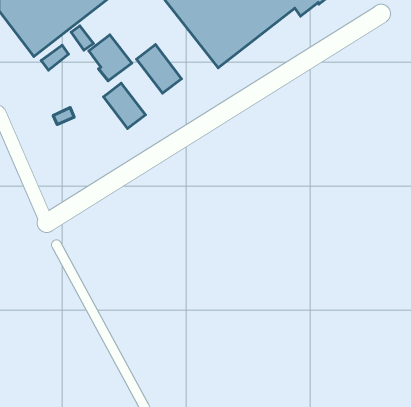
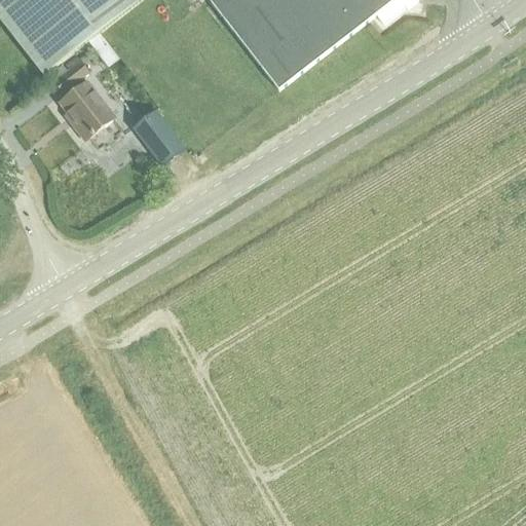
building: [89,35,132,81] -> [60,78,114,137]
building: [136,45,182,93] -> none

